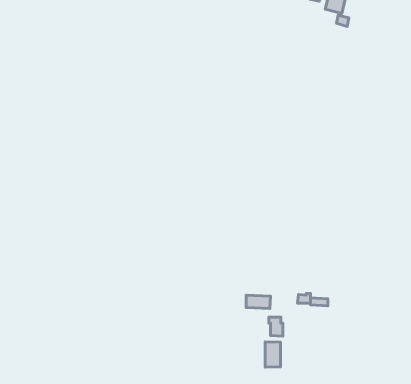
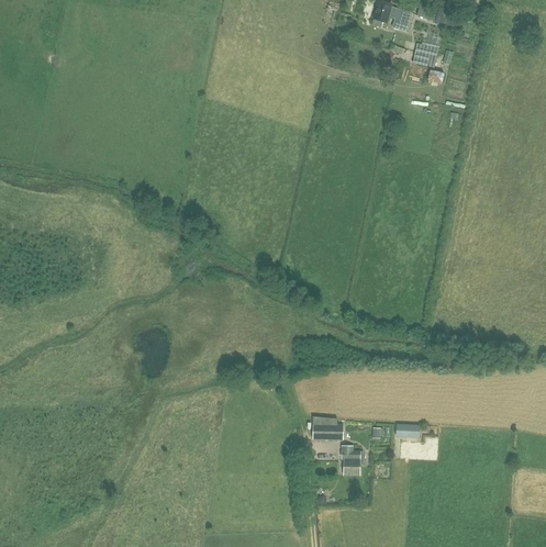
building: [265,342,281,367] -> none

